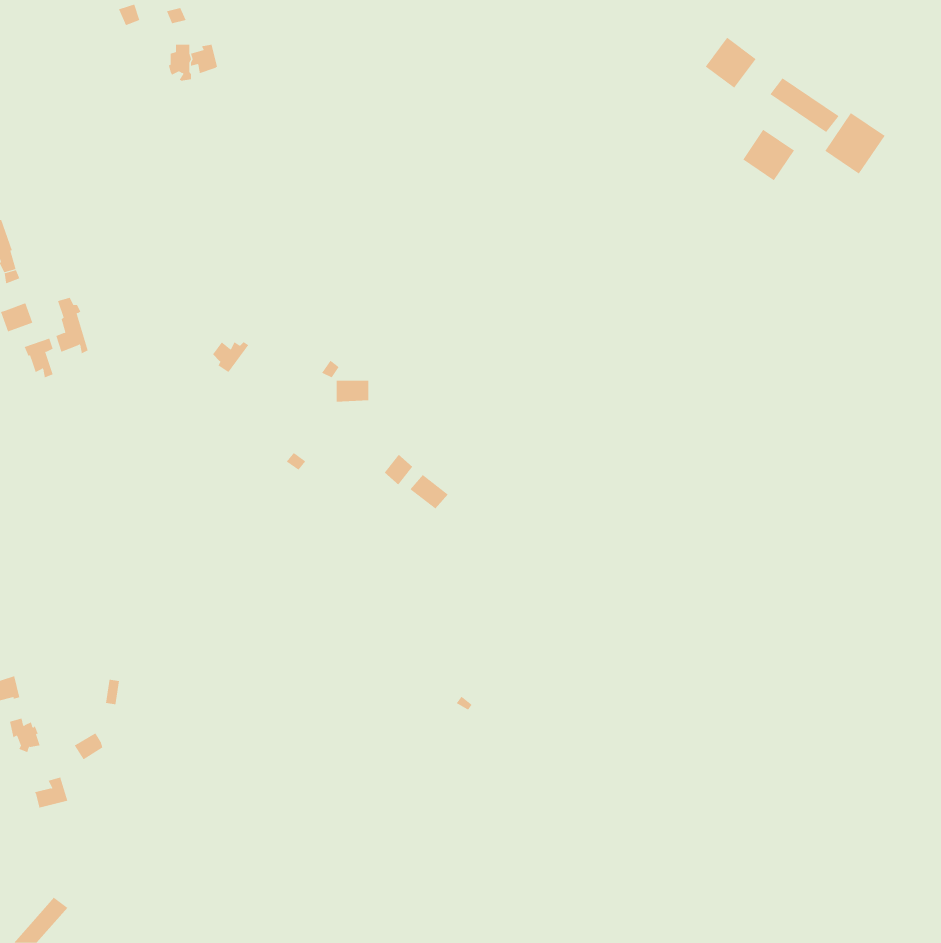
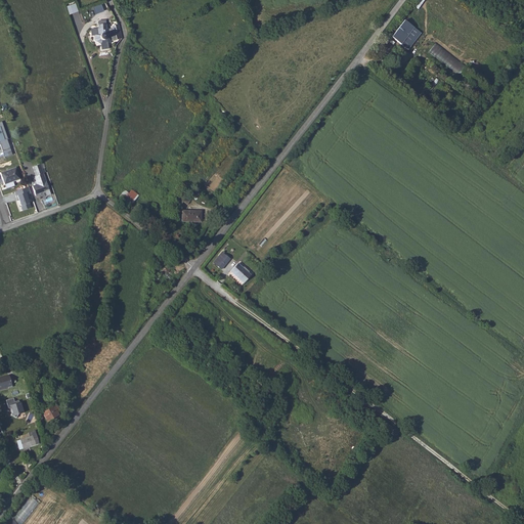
building: [825,112,885,174] -> none
building: [742,129,795,181] -> none

